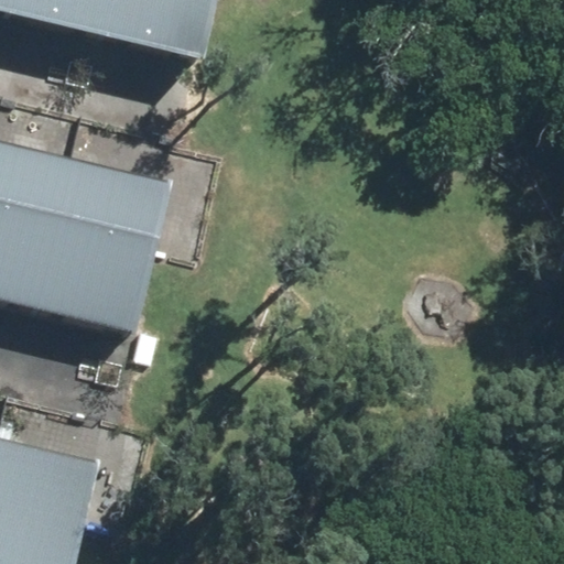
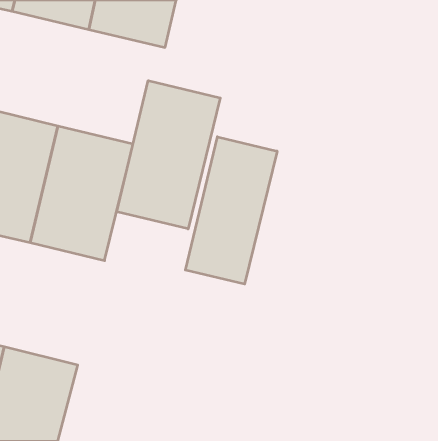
building: none -> [117,81,220,229]
building: none -> [185,137,277,284]

